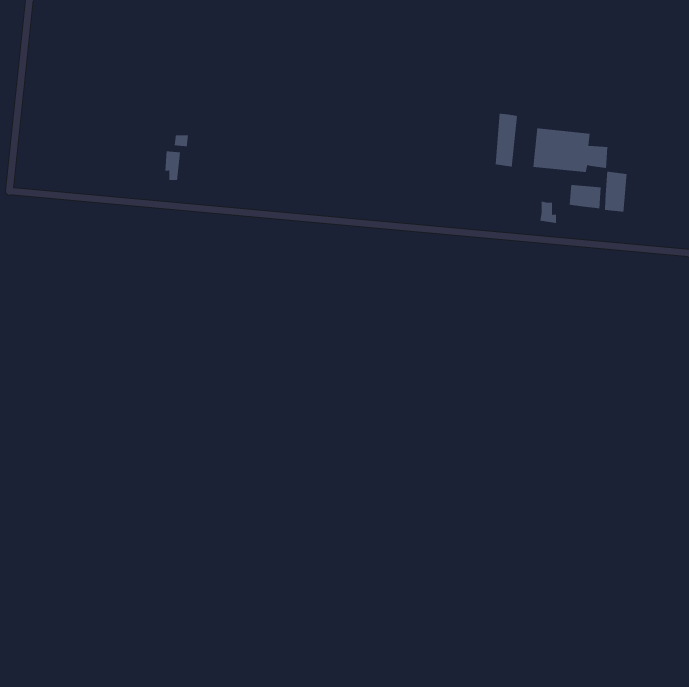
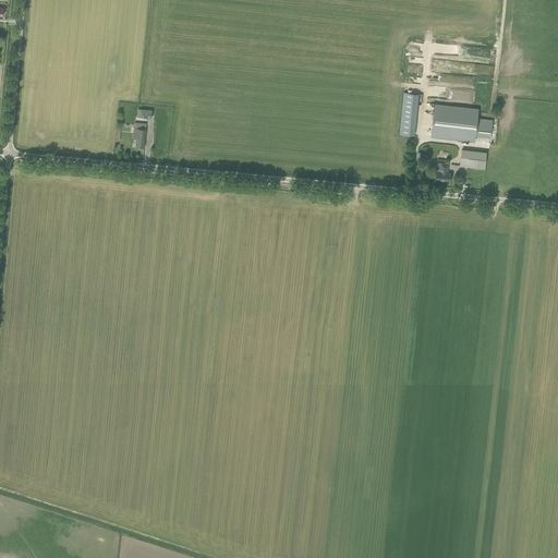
building: [605,171,627,213] -> none

